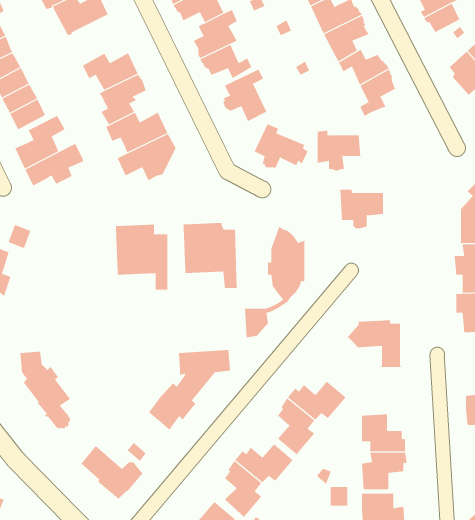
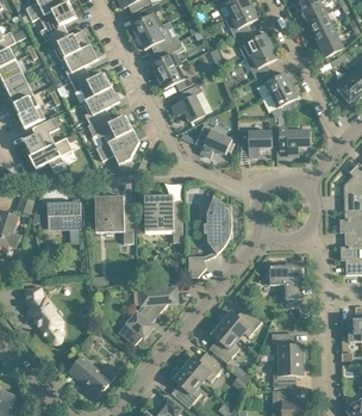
building: none -> [63,44,95,81]
building: [339,189,384,229] -> [277,128,310,156]
building: none -> [46,201,80,229]

